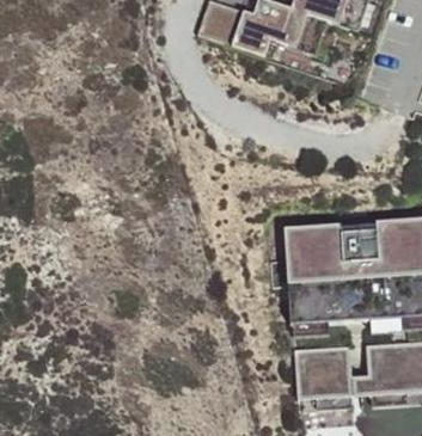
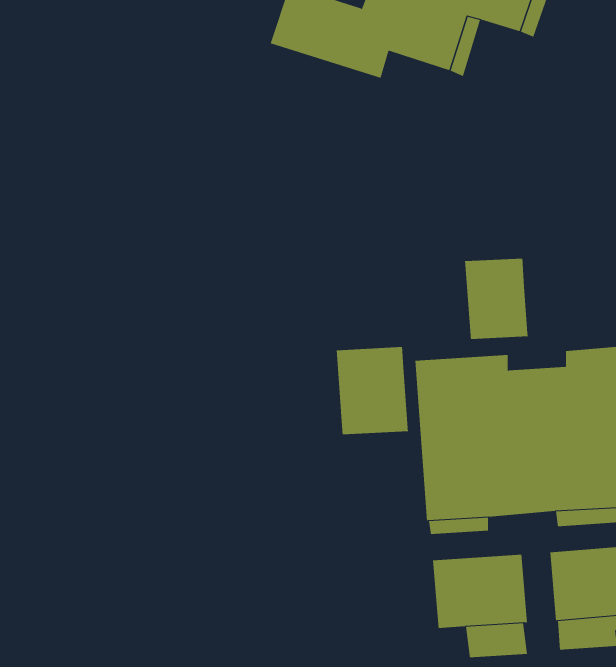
building: none -> [465,258,528,340]
building: none -> [336,346,409,435]

